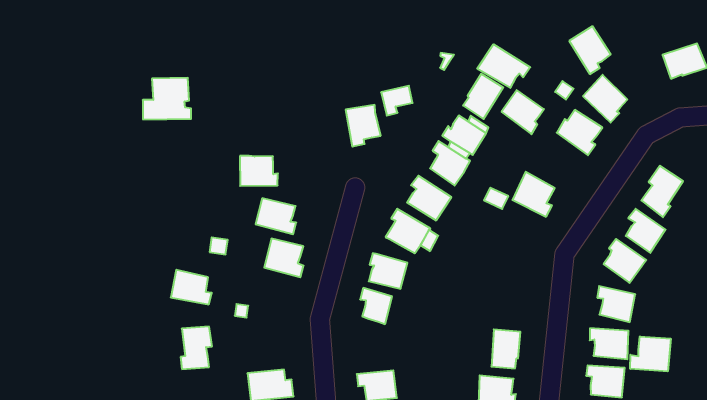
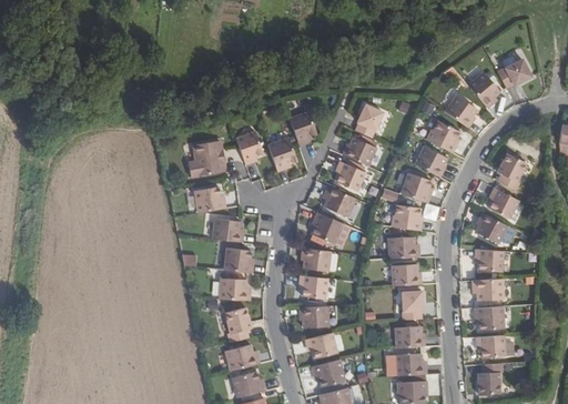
building: [569,26,611,74] -> [467,71,499,107]
building: [477,44,530,88] -> none
building: [143,78,191,119] -> [187,141,225,176]
building: none -> [234,130,263,164]
building: [502,90,544,134] -> [415,145,446,176]
building: none -> [390,204,420,230]
building: none -> [388,236,418,259]
building: [171,270,212,304] -> [220,277,250,300]
building: none -> [392,263,420,285]
building: [181,327,212,369] -> [225,307,250,342]
building: none -> [298,305,329,327]
building: [630,336,671,371] -> none

